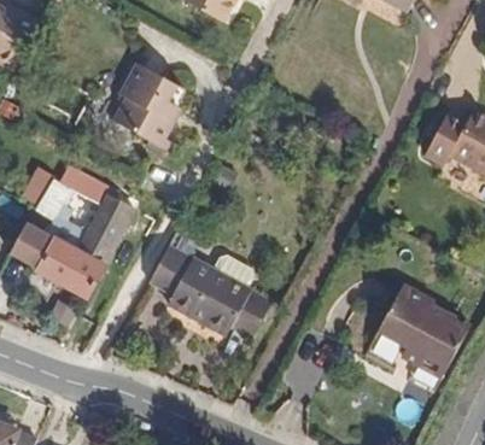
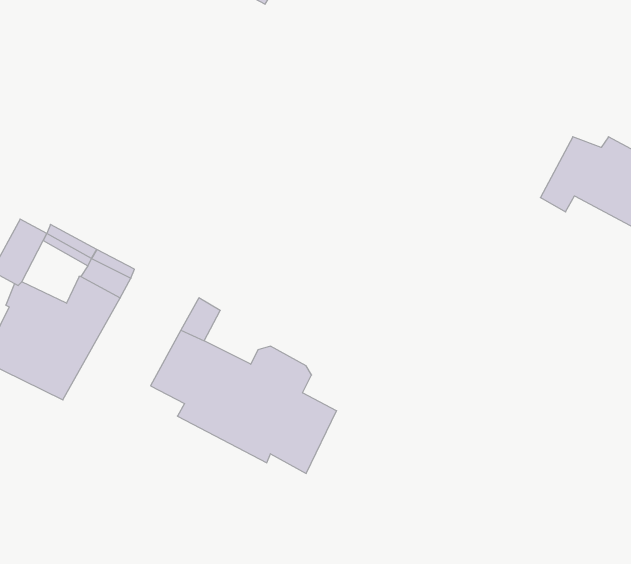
building: [112,59,182,147] -> none
building: [363,280,456,371] -> none

